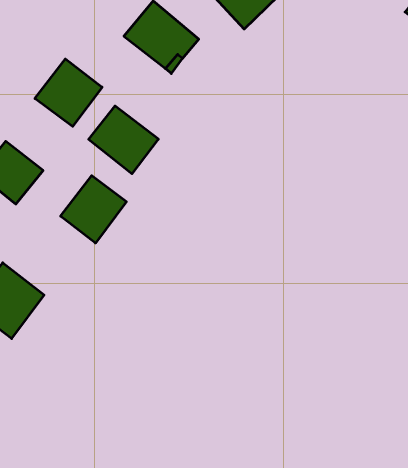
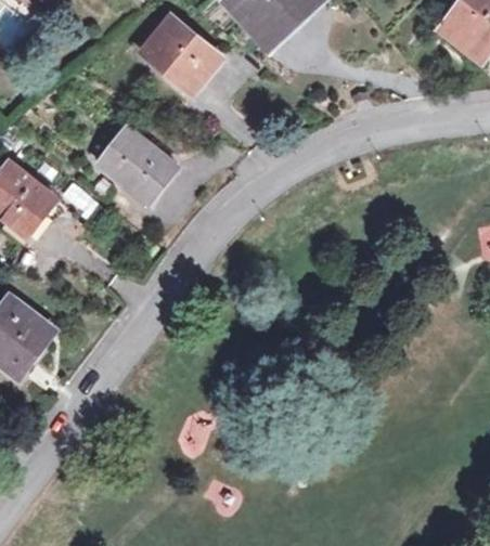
building: [35,59,102,126] -> none
building: [61,176,126,243] -> none

